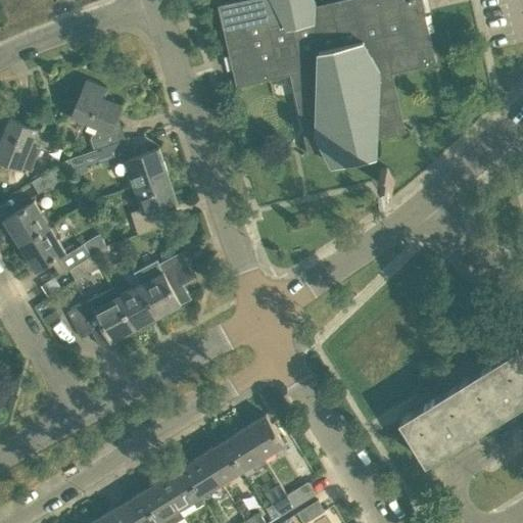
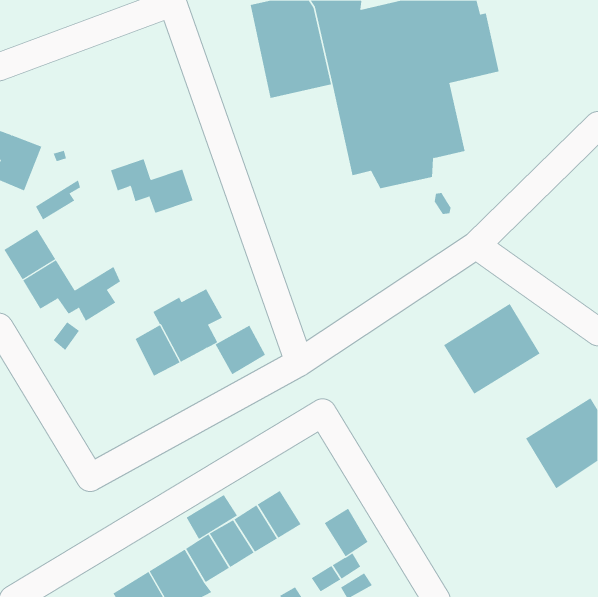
building: [72,82,126,151] -> none
building: [131,177,176,236] -> none
building: none -> [215,325,266,375]
building: [66,289,134,347] -> none
building: [399,384,484,464] -> [443,303,541,394]
building: [244,416,283,459] -> [324,508,369,557]
building: none -> [186,494,238,540]

